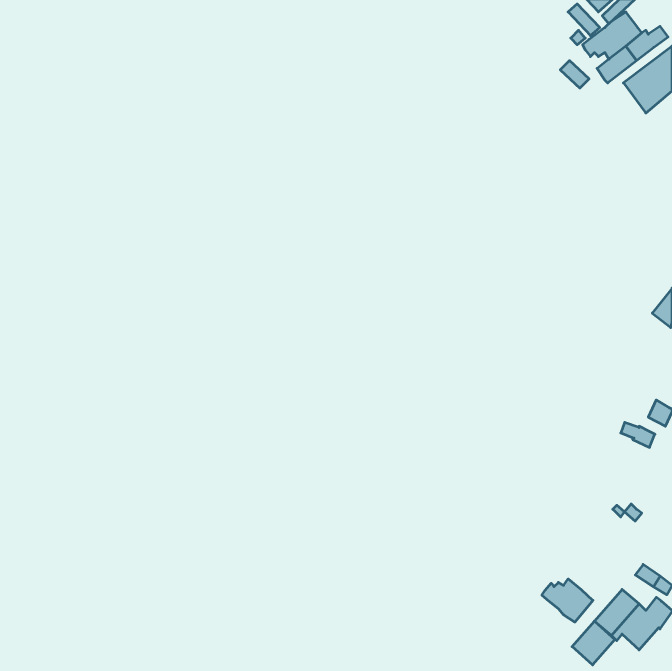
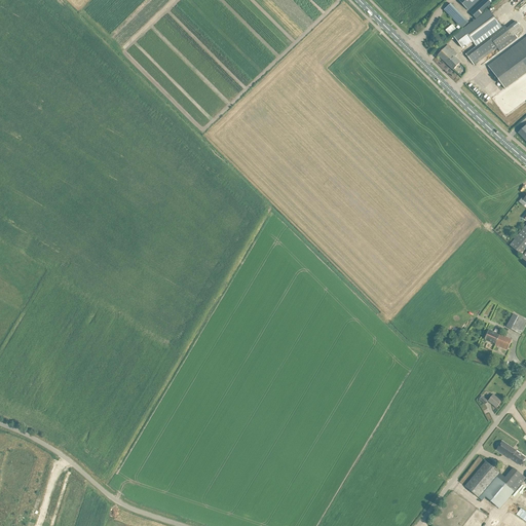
building: [542,579,593,622] -> none
building: [572,621,615,665] -> none

